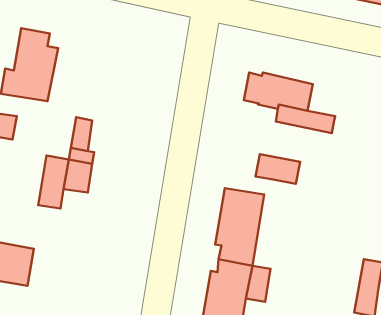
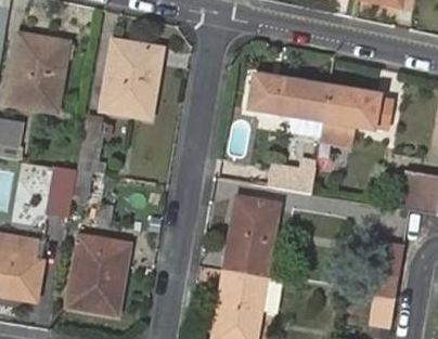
building: none -> [102,40,160,113]
building: none -> [322,89,390,131]
building: none -> [69,234,127,310]

